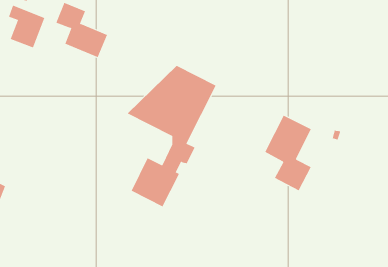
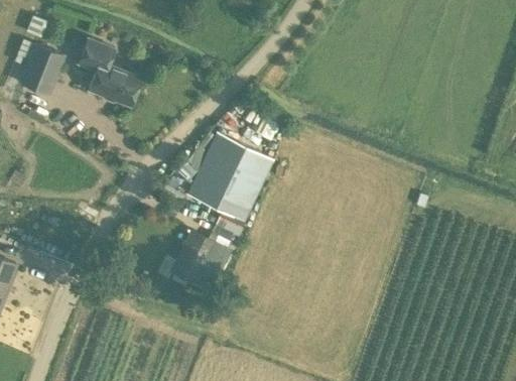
building: [265,115,312,191] -> none

